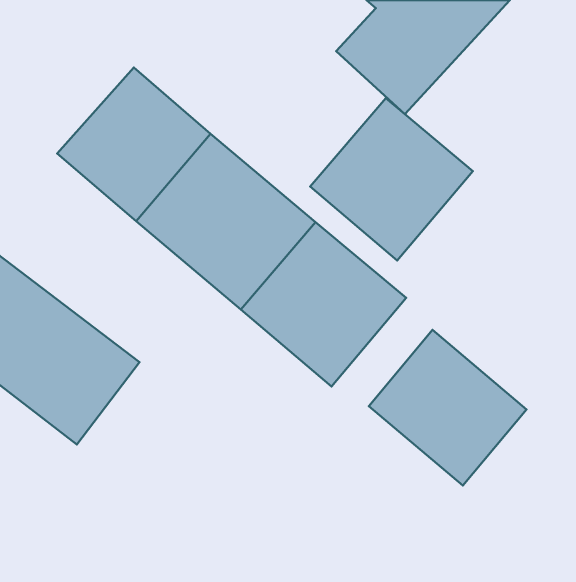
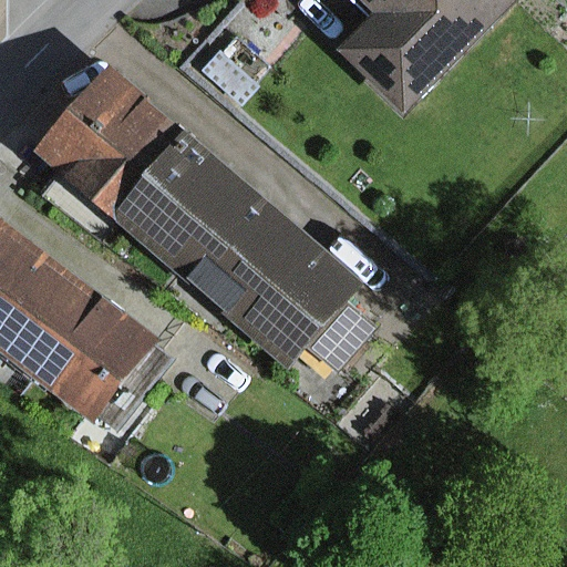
building: [310,98,473,261] -> none
building: [369,330,526,485] -> none

